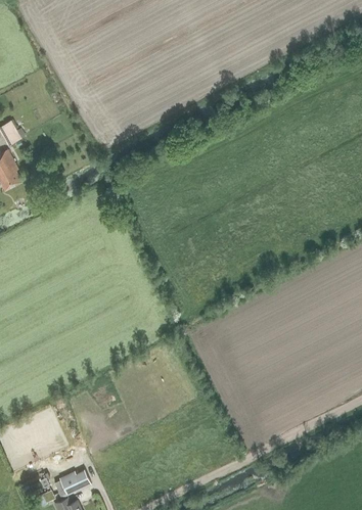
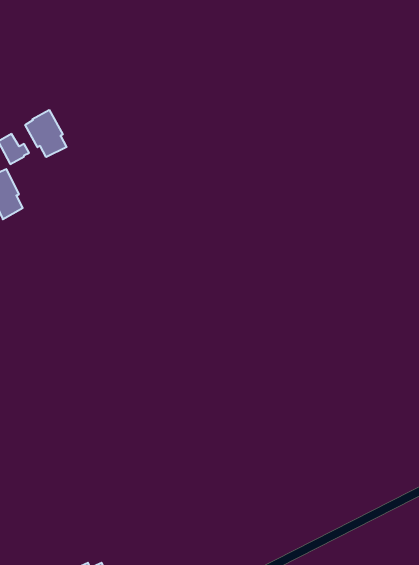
building: none -> [25,110,67,157]

